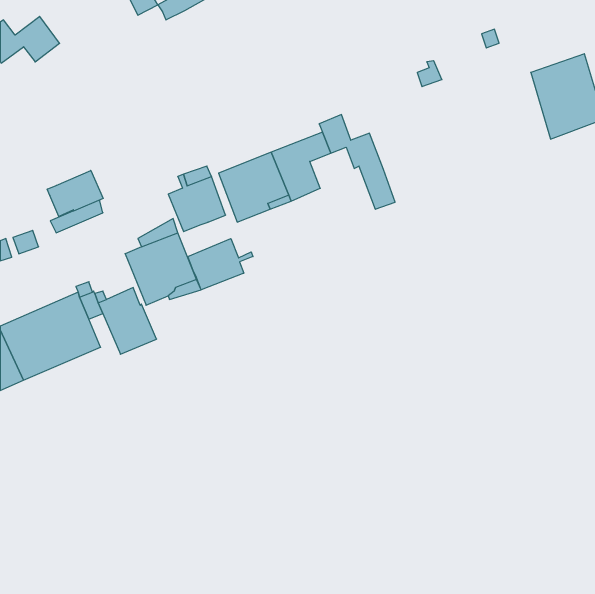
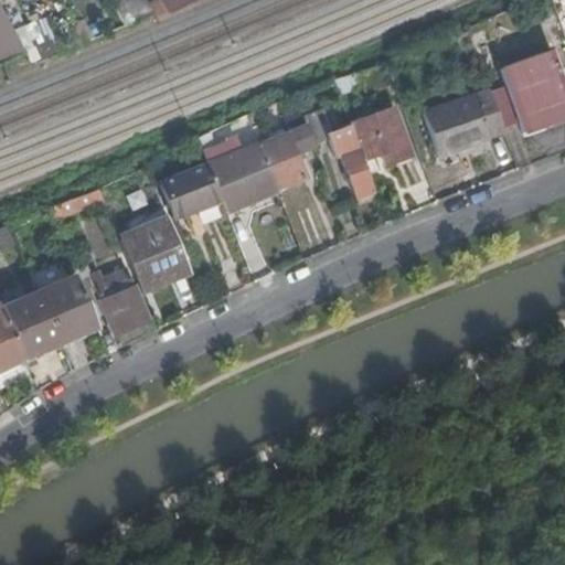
building: none -> [424,86,505,153]
building: none -> [351,109,413,167]
building: [47,170,103,216] -> none
building: [188,239,253,290] -> none

